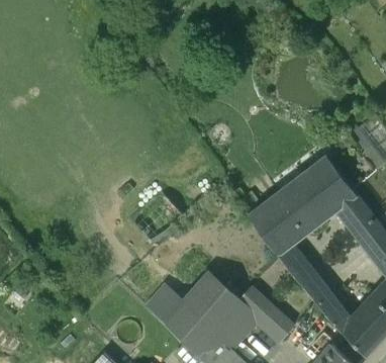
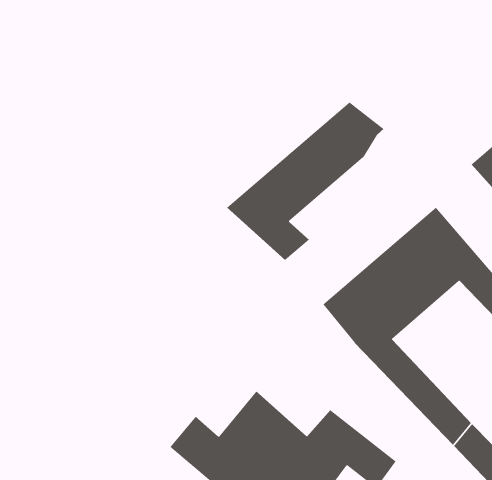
building: none -> [226,101,384,261]

